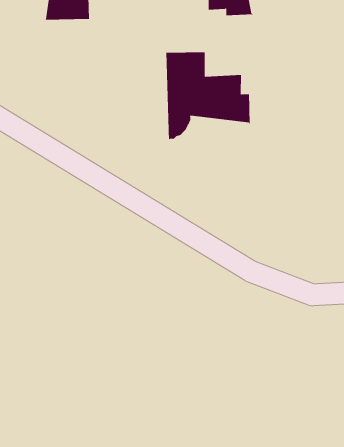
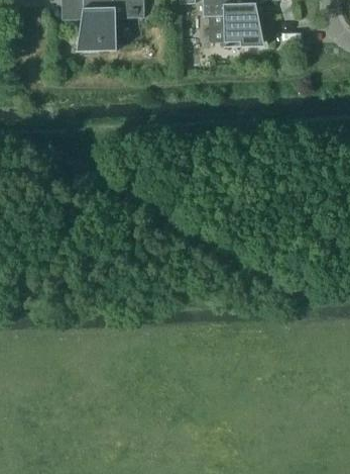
building: [166,51,250,141] -> none

